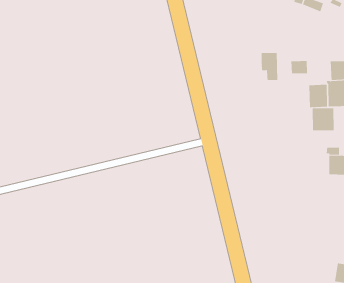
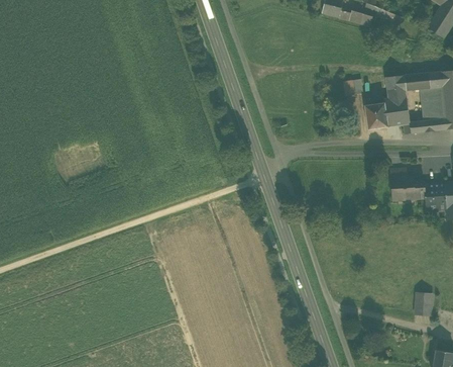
building: [261,52,278,81] -> none
building: [312,108,334,131] -> none

